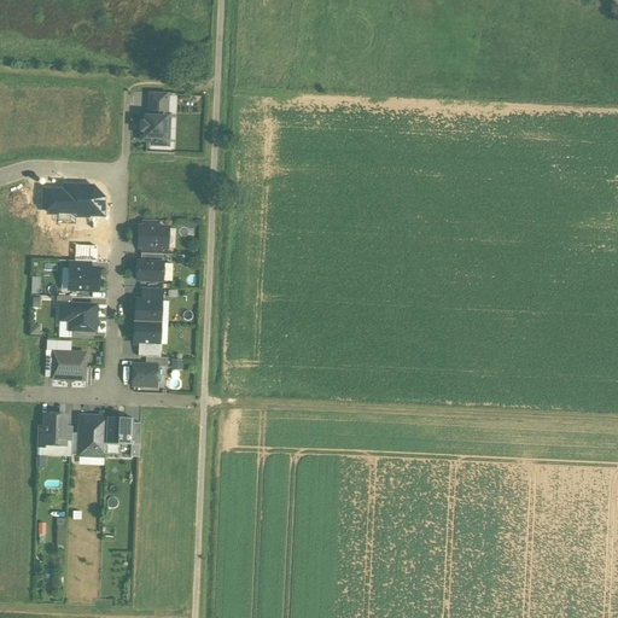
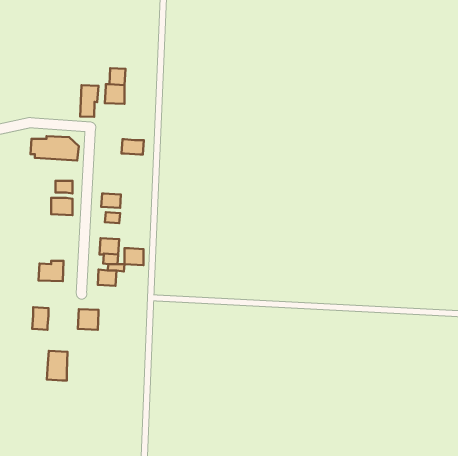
building: none -> [80,85,98,117]
building: [138,226,168,246] -> [121,139,144,154]
building: [135,299,161,322] -> [125,248,143,265]
building: [59,303,95,331] -> none
building: [78,415,106,455] -> [47,351,68,380]

